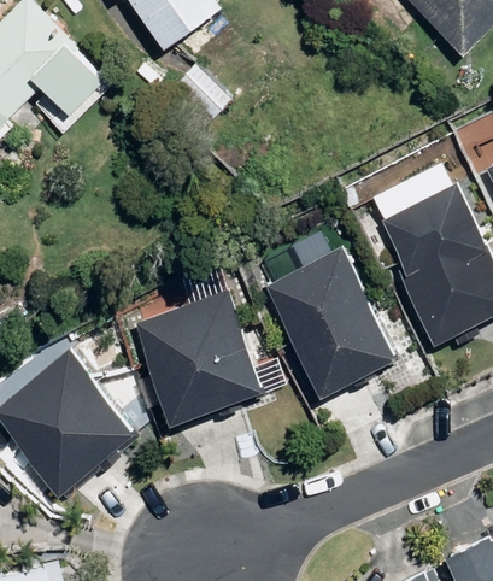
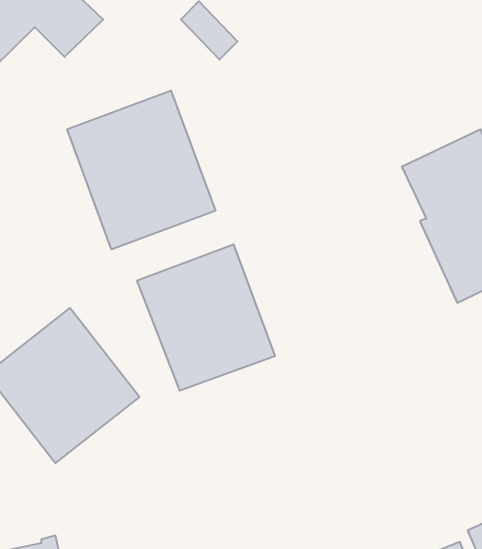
building: none -> [67,91,215,249]
building: [264,247,395,395] -> none

